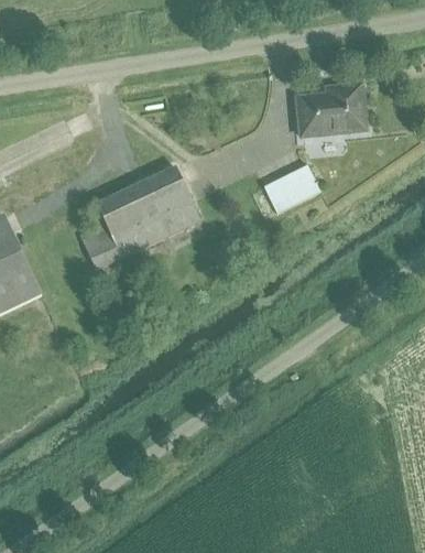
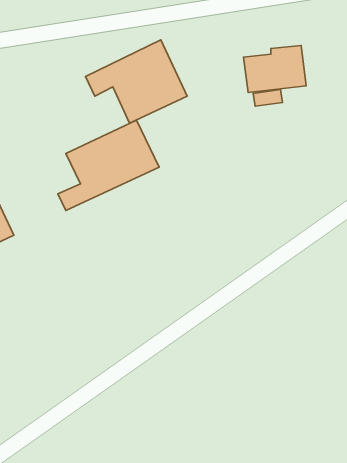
building: none -> [86,40,187,123]
building: [265,163,320,209] -> none

